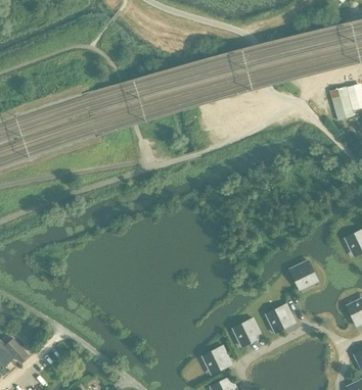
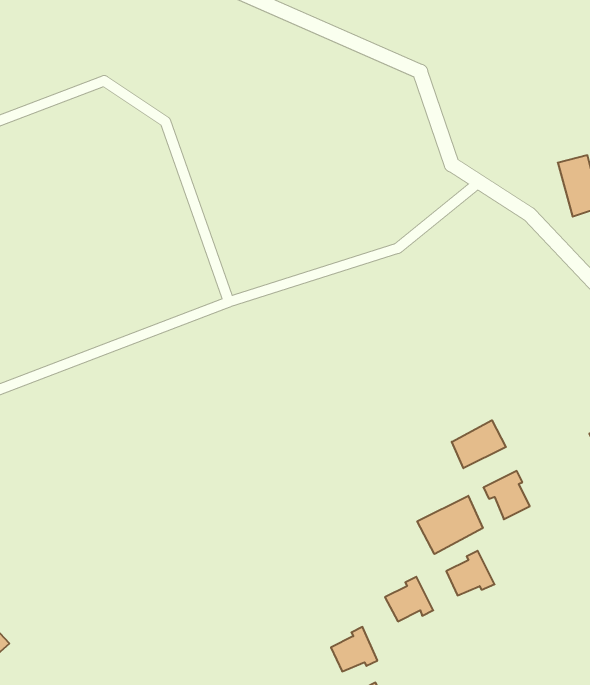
building: none -> [452,420,506,468]
building: none -> [417,496,483,554]

